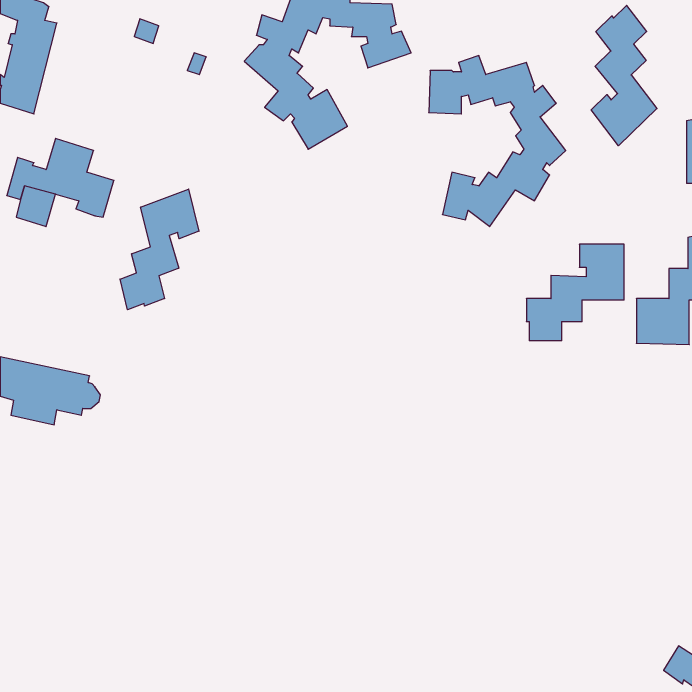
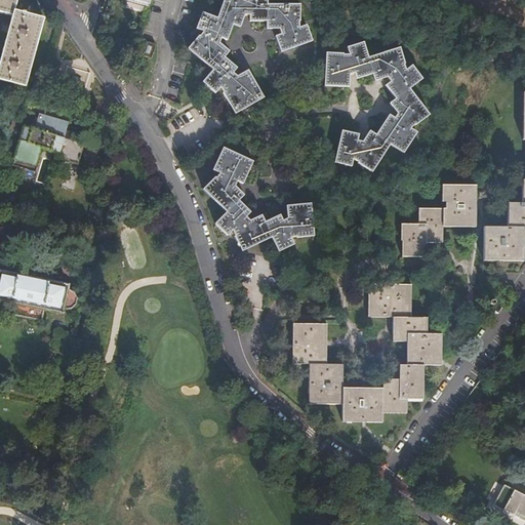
building: [591,5,657,146] -> none
building: [120,189,199,310] -> none
building: none -> [204,147,314,250]
building: none -> [294,286,440,419]

